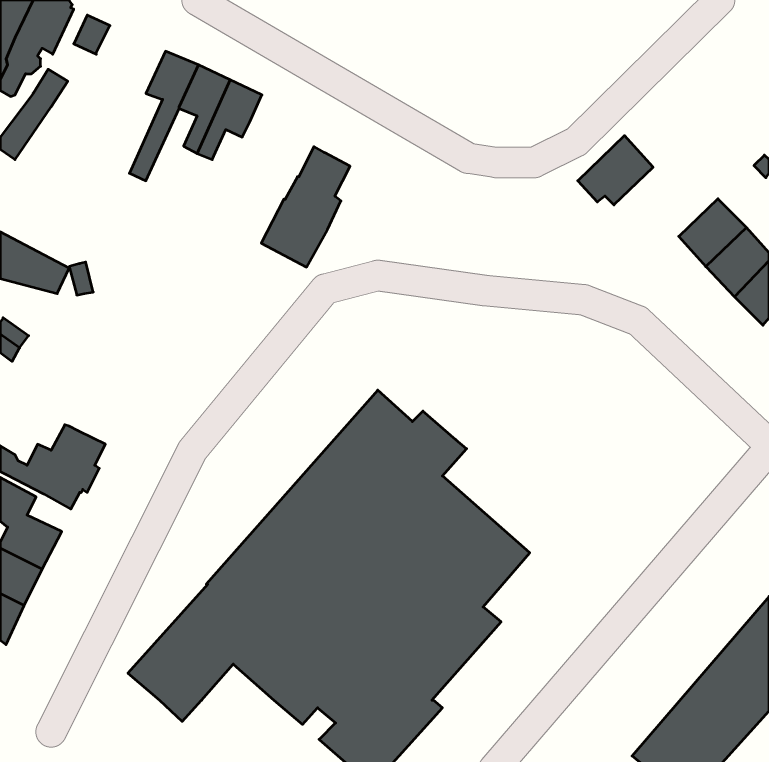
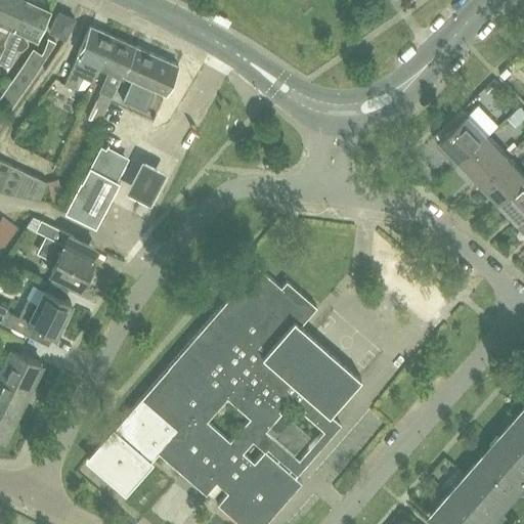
building: none -> [64,30,113,93]
building: [578,136,653,205] -> [437,119,488,166]
building: [261,147,350,267] -> [64,149,125,231]
building: none -> [127,163,167,207]
building: none -> [36,224,94,292]

